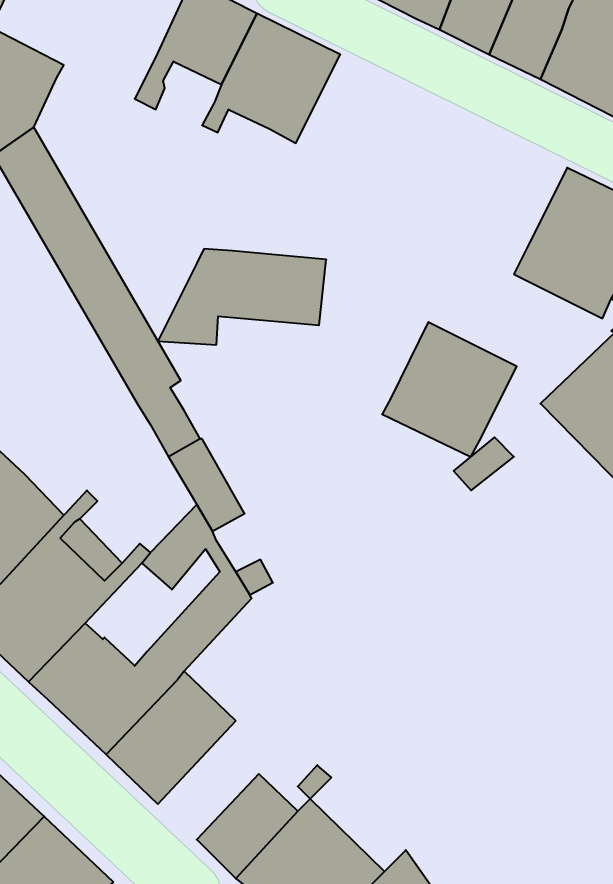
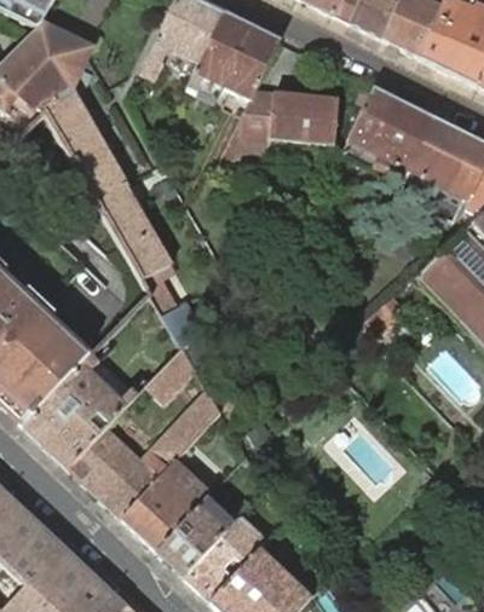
building: [158,249,326,345] -> [224,91,339,156]
building: [382,322,517,457] -> [344,87,436,179]
building: none -> [156,492,238,576]

